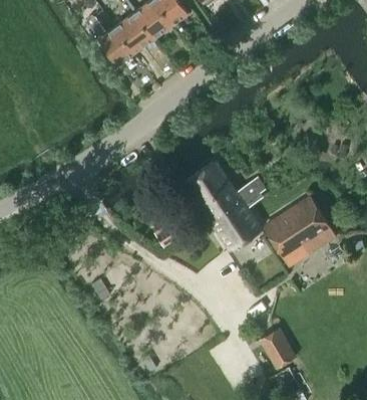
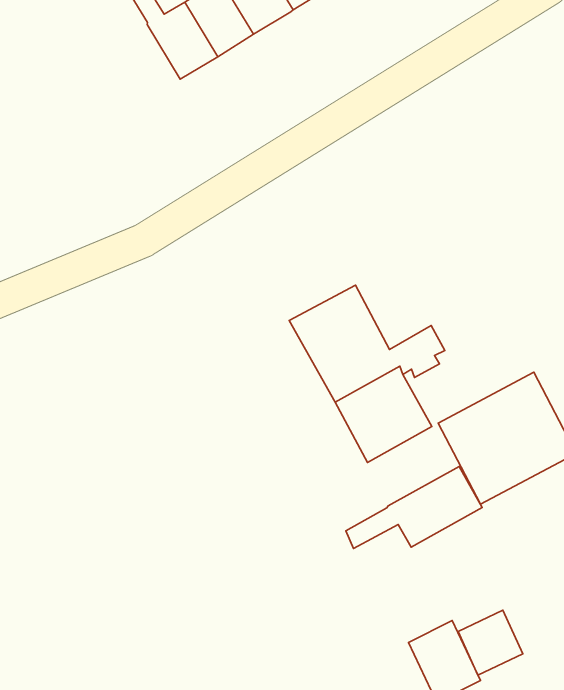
building: none -> [346,466,482,549]
building: none -> [458,610,523,675]

